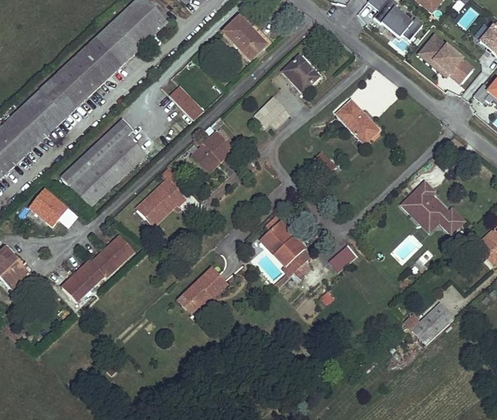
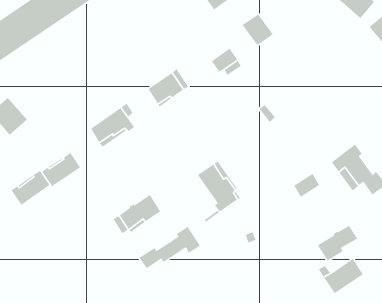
building: [169,84,204,120] -> none
building: [336,99,379,143] -> none
building: [61,118,146,207] -> none
building: [328,243,357,272] -> [293,173,320,198]
building: none -> [317,225,358,261]
building: none -> [139,226,201,269]

